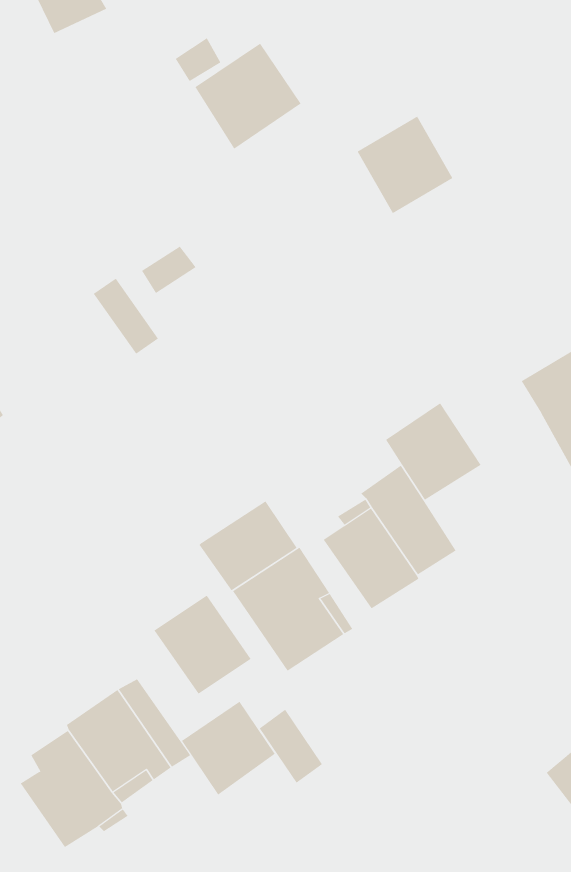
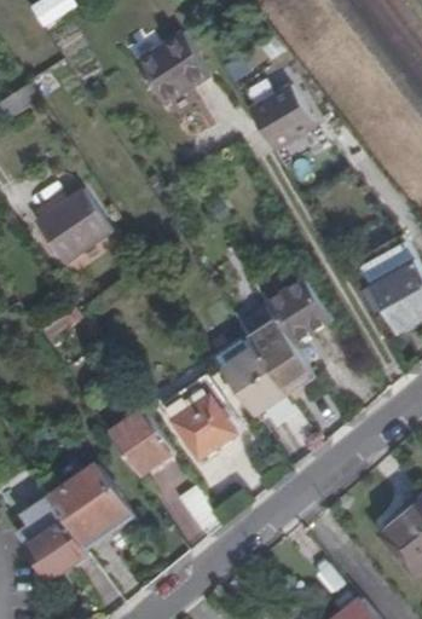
building: none -> [33,195,94,265]
building: [199,500,298,591] -> none
building: [181,701,276,796] -> none

